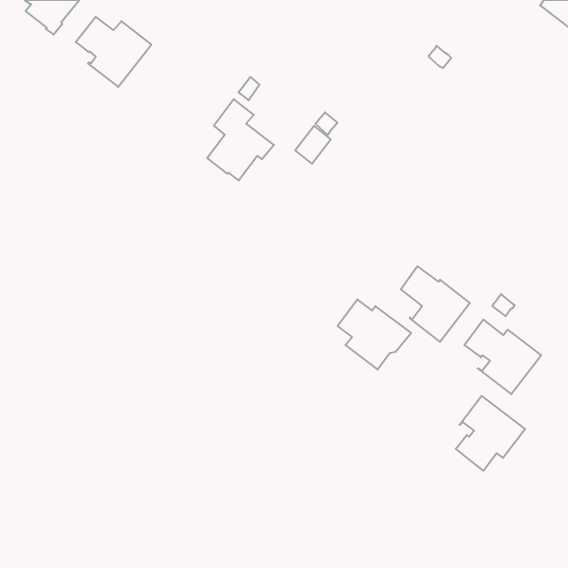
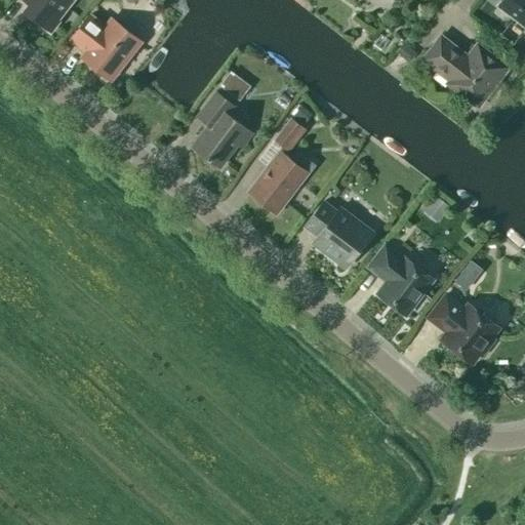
building: none -> [425,38,507,106]
building: none -> [249,153,308,214]
building: [338,299,411,370] -> [306,202,373,267]
building: [456,396,525,471] -> none

